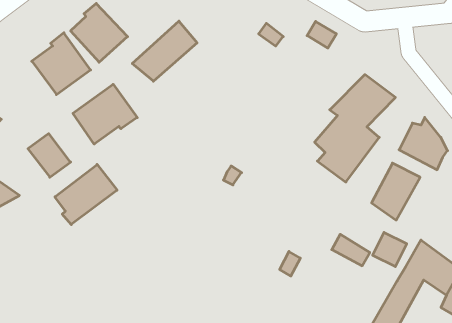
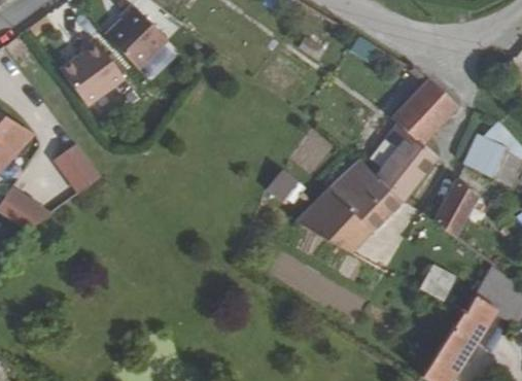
building: [132,21,197,81] -> none
building: [73,84,137,144] -> none
building: none -> [295,159,405,252]
building: [55,164,117,225] -> none

